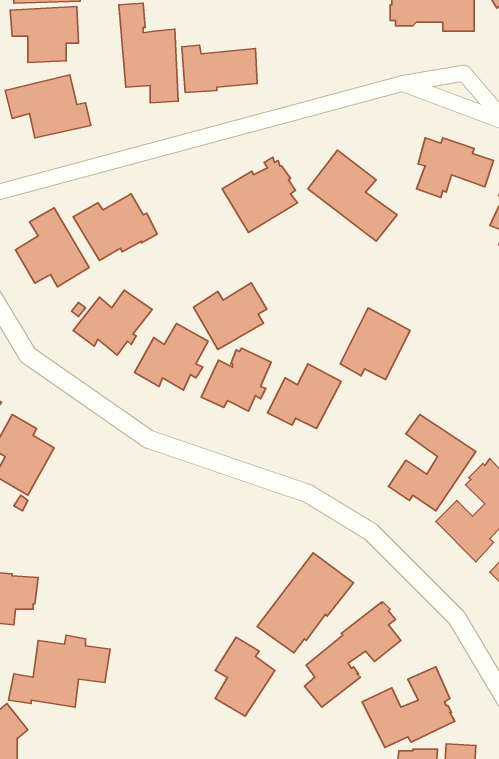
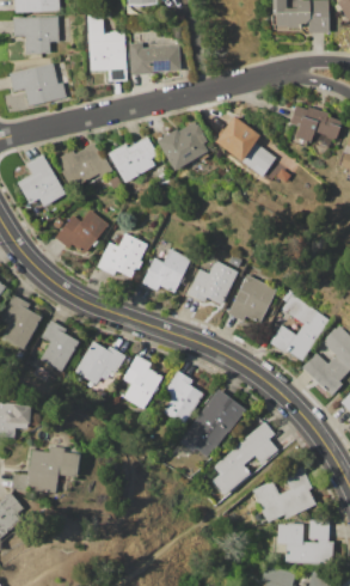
building: [193,283,267,349] -> [108,136,158,182]
building: [340,308,410,379] -> [228,274,276,323]
building: none -> [39,321,79,372]
building: none -> [75,342,127,383]
building: none -> [123,355,162,409]
building: [215,637,275,716] -> [162,371,203,425]

